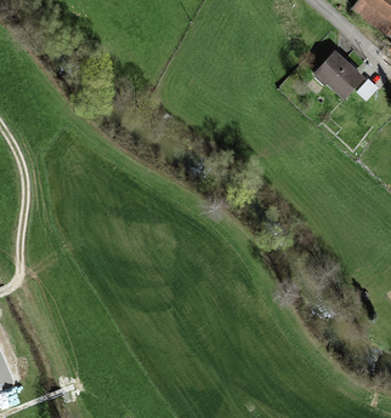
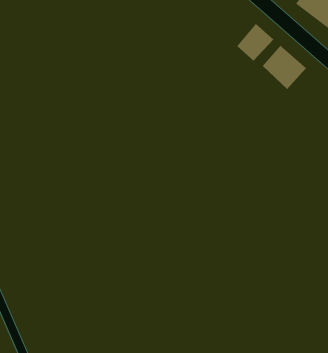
building: none -> [237,23,274,61]

